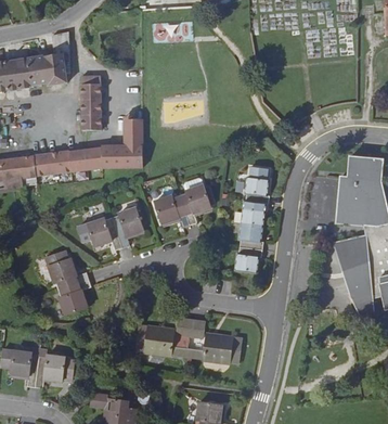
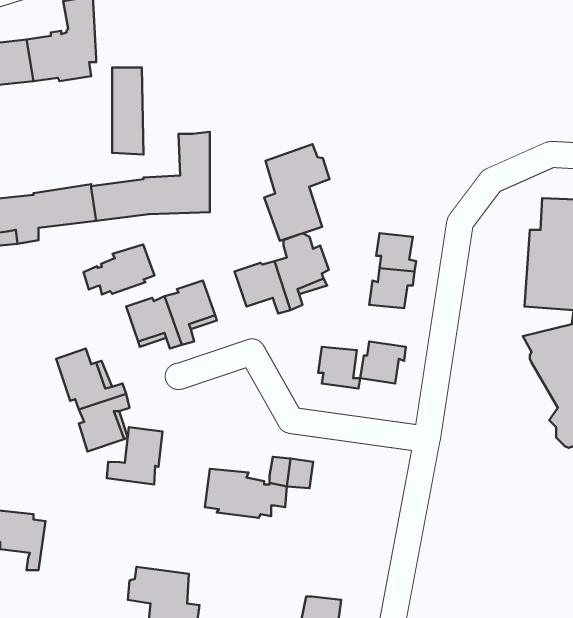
building: none -> [264,144,329,241]
building: none -> [84,244,154,294]
building: [237,223,263,249] -> [318,347,360,389]
building: none -> [107,427,163,484]
building: [195,334,241,363] -> none
building: [35,356,64,389] -> none

